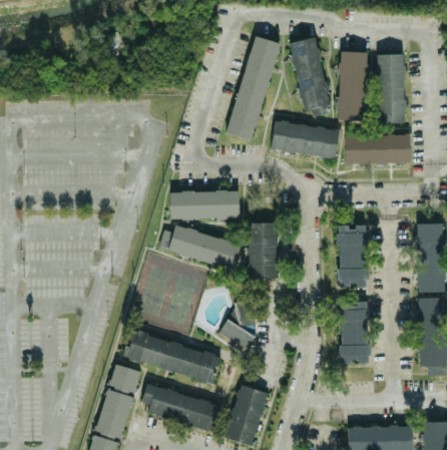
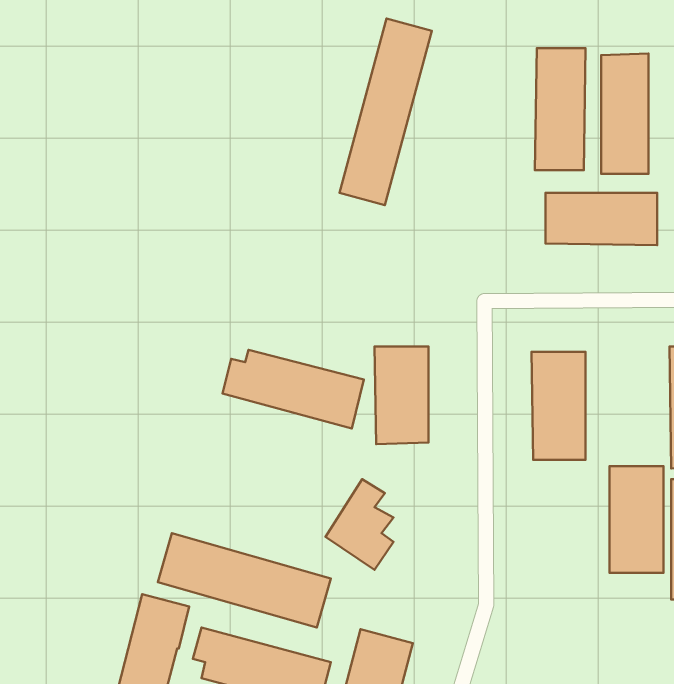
building: [291,37,332,117] -> none
building: [271,121,339,159] -> none
building: [170,190,239,218] -> none
building: [338,303,369,364] -> [610,466,664,573]

